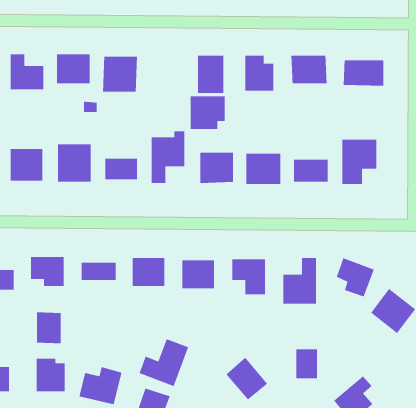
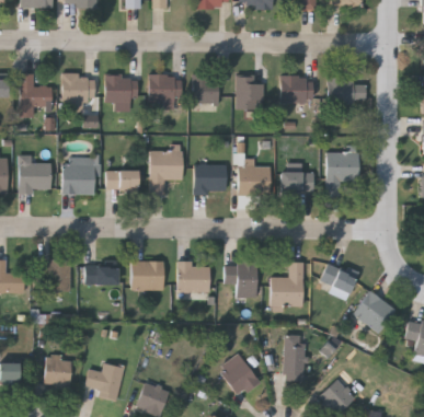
building: [190,96,225,130] -> [149,74,182,106]
building: [36,312,61,344] -> none
building: [138,338,189,387] -> none

